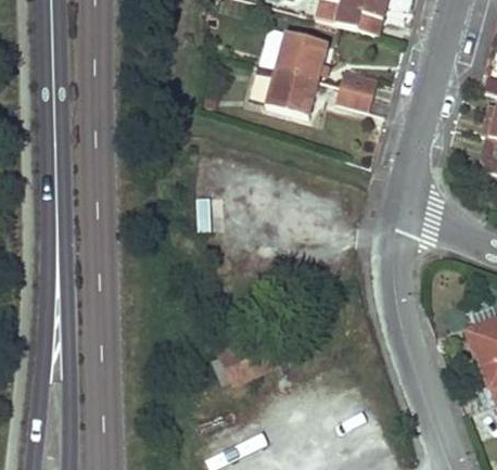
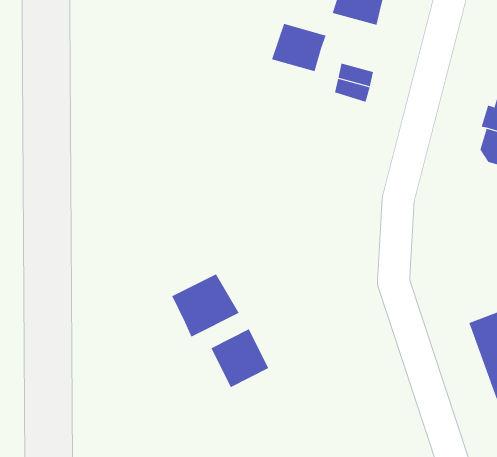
building: [264,66,317,115] -> none
building: none -> [171,273,239,337]

